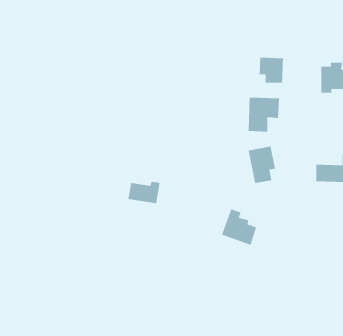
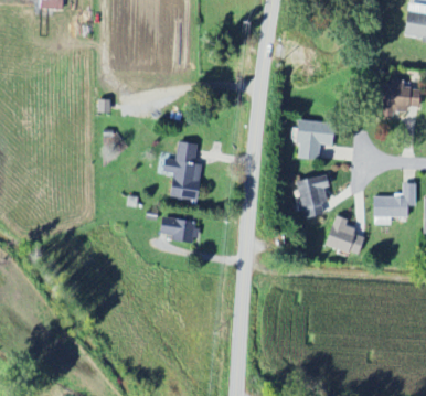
building: [259,57,283,83] -> none
building: none -> [163,141,199,200]
building: [221,209,257,245] -> [324,215,365,257]

